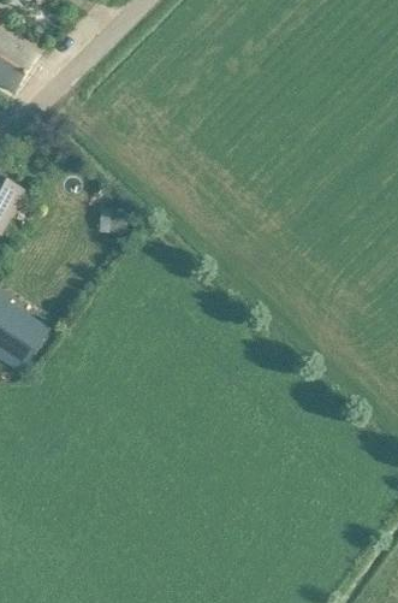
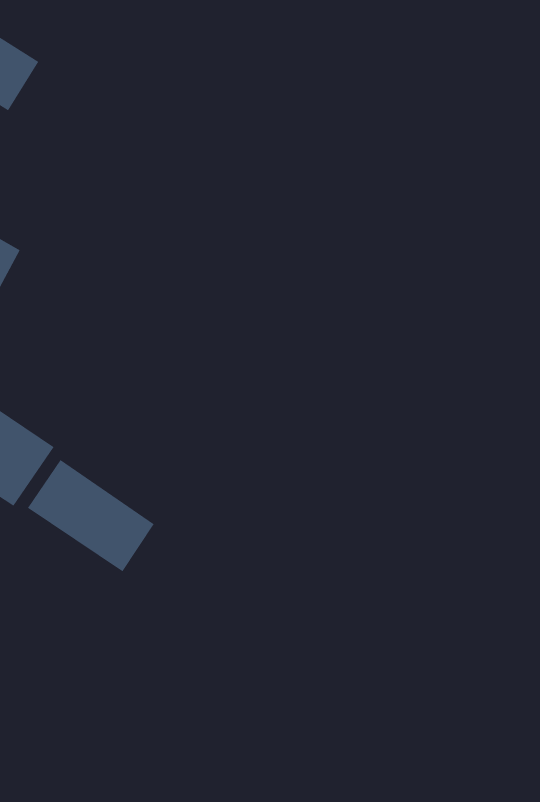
building: none -> [27,459,154,572]

